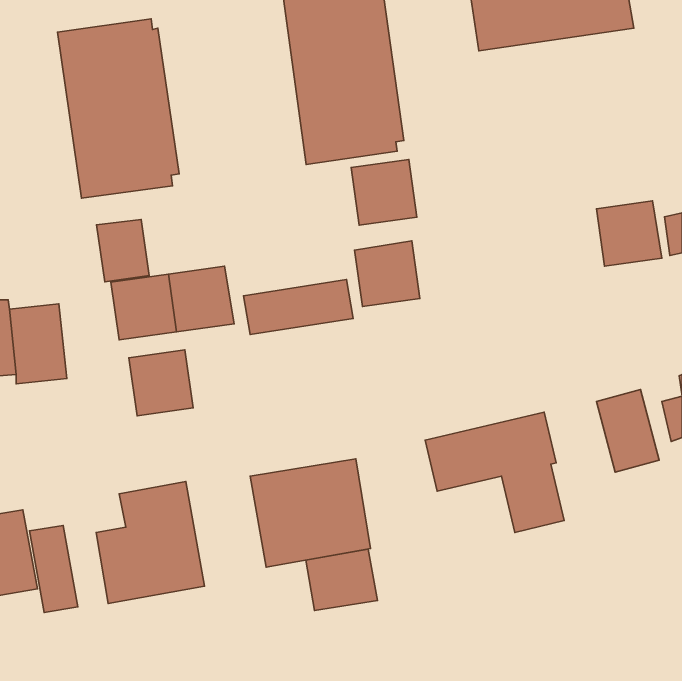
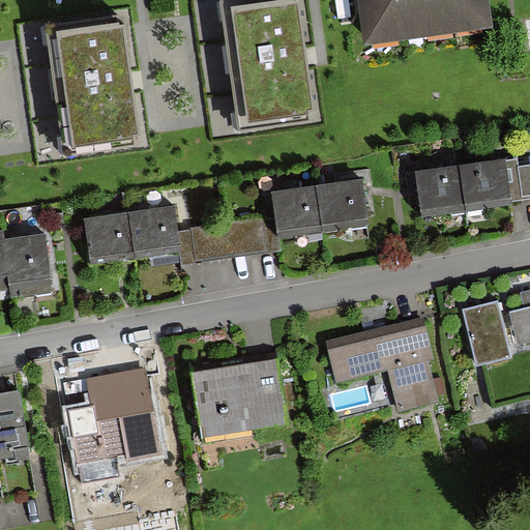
building: [351,160,417,225] -> [319,180,370,231]
building: none -> [417,161,468,212]
building: [96,220,149,282] -> none
building: [129,350,193,416] -> none
building: [30,525,78,612] -> none
building: [306,549,377,610] -> none

